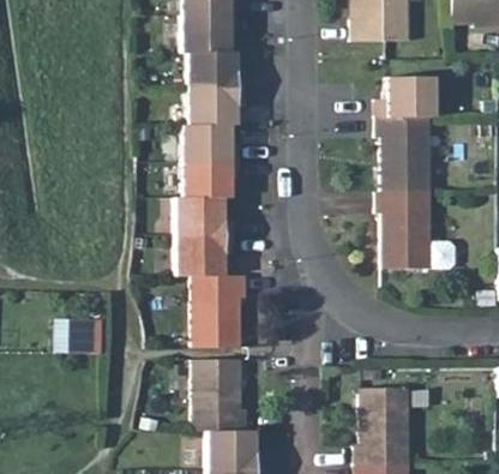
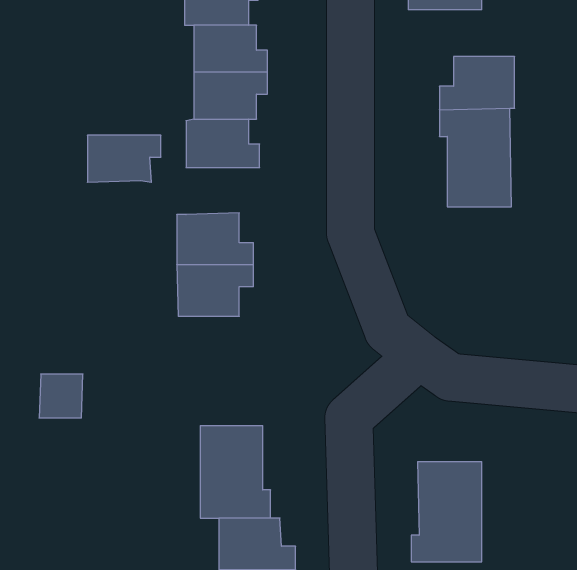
building: [182,161,239,197] -> [87,135,161,182]
building: [378,191,455,269] -> none
building: [193,275,247,347] -> none

